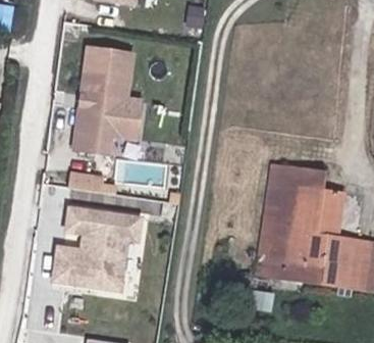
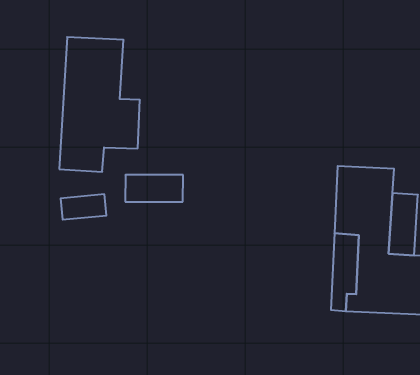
building: [51,203,147,289] -> none

